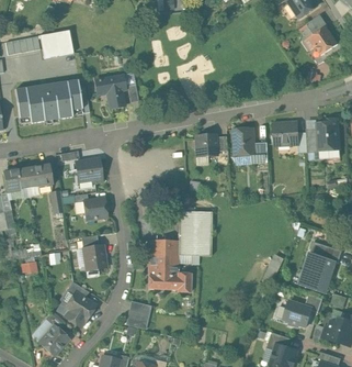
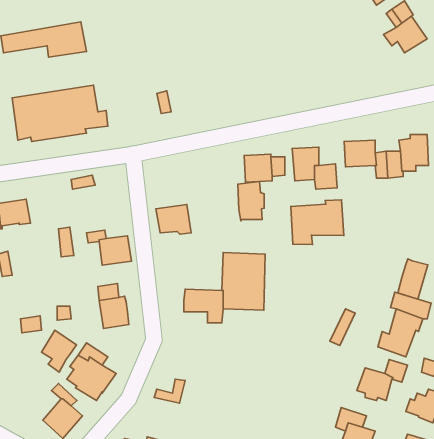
building: [94,76,125,109] -> none
building: none -> [238,182,264,221]
building: [75,159,102,182] -> [156,205,191,234]
building: [25,165,52,188] -> none
building: none -> [291,200,344,245]
building: none -> [398,259,428,299]
building: [148,257,191,292] -> none
building: none -> [41,330,76,372]

